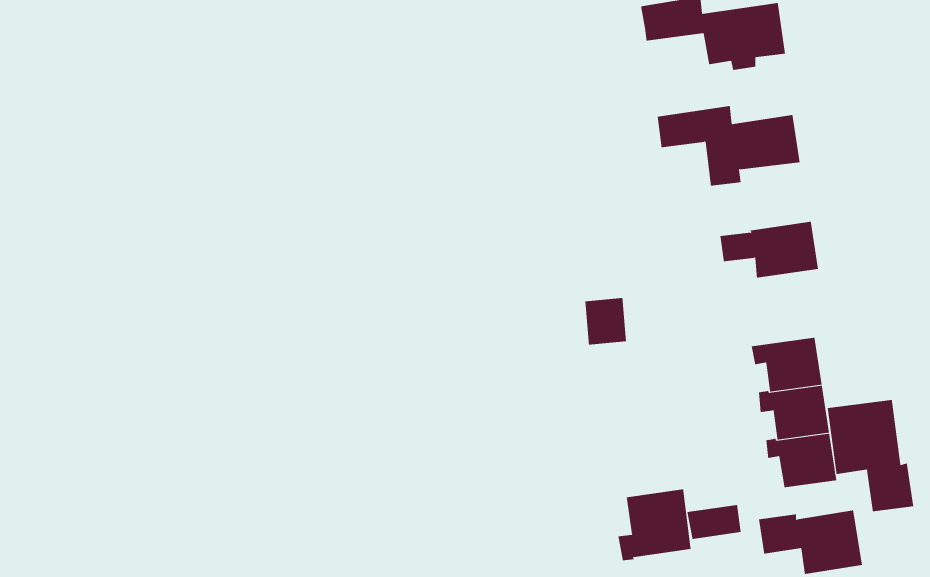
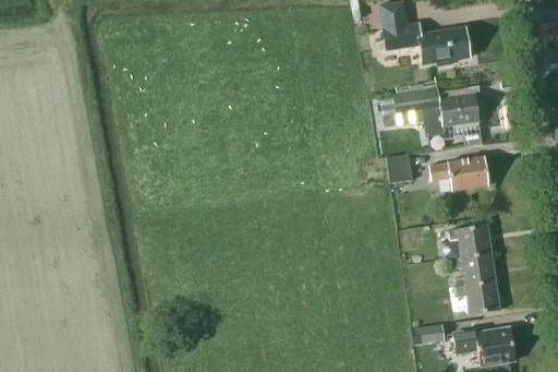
building: [584,297,627,345] -> [387,153,412,181]
building: [827,399,914,512] -> none
building: [618,489,691,561] -> none

